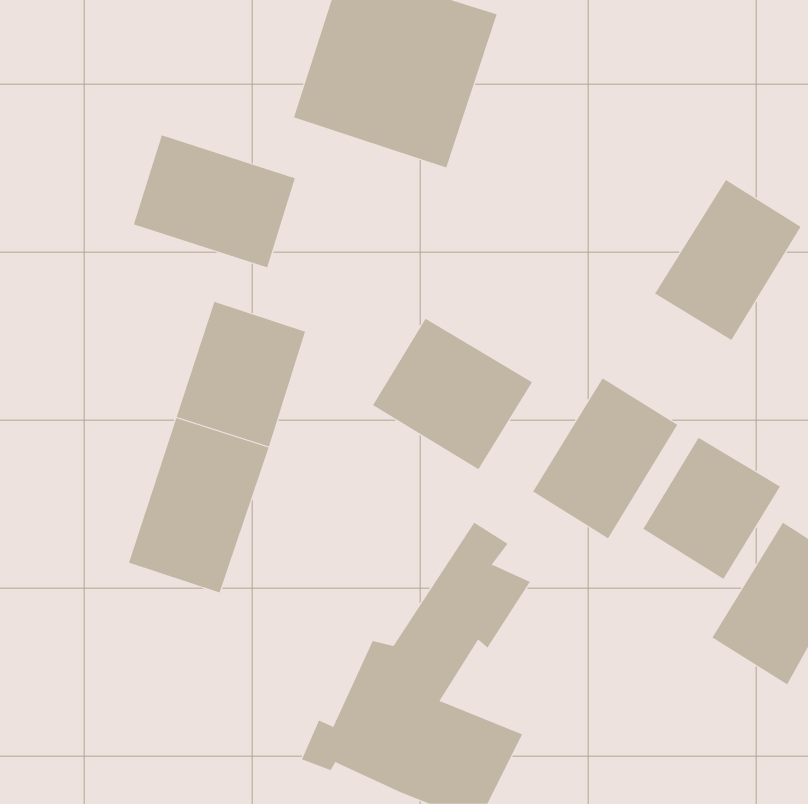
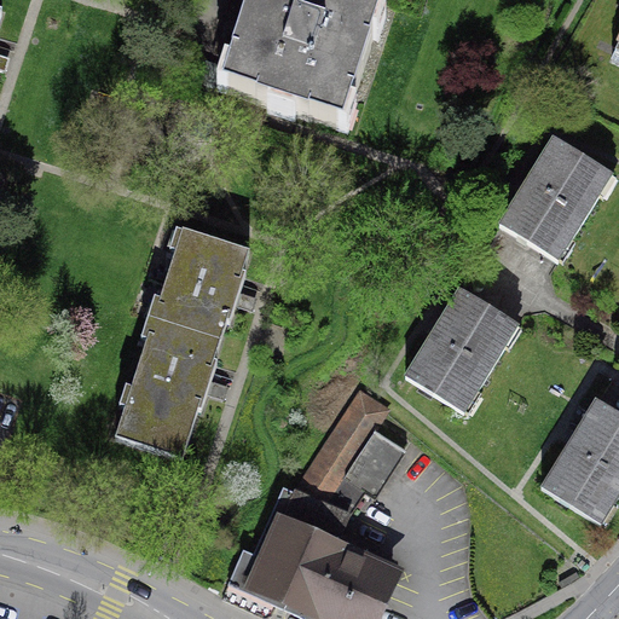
building: [133,134,296,268] -> none
building: [372,318,533,470] -> none
building: [643,437,781,580] -> none

